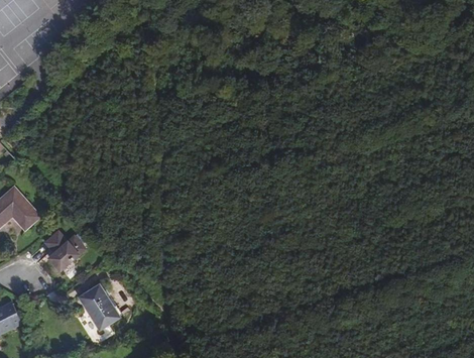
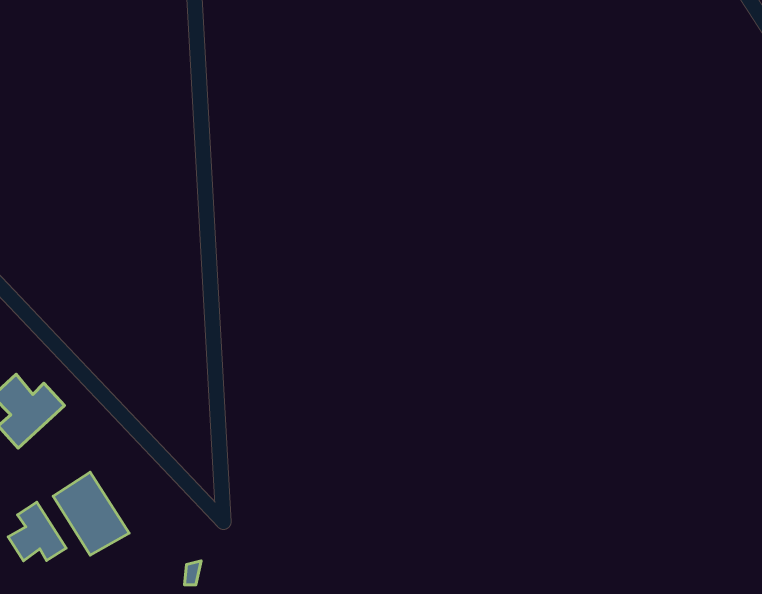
building: none -> [8,502,66,561]

